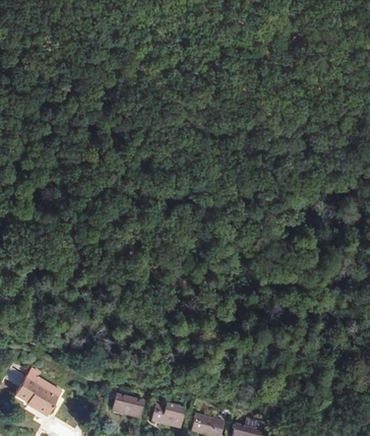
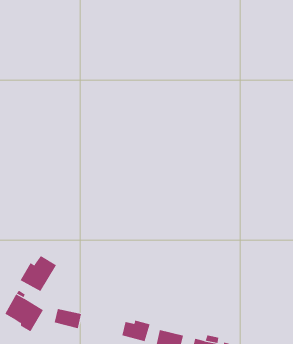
building: none -> [20,255,57,292]
building: [112,393,144,417] -> [54,309,82,329]

